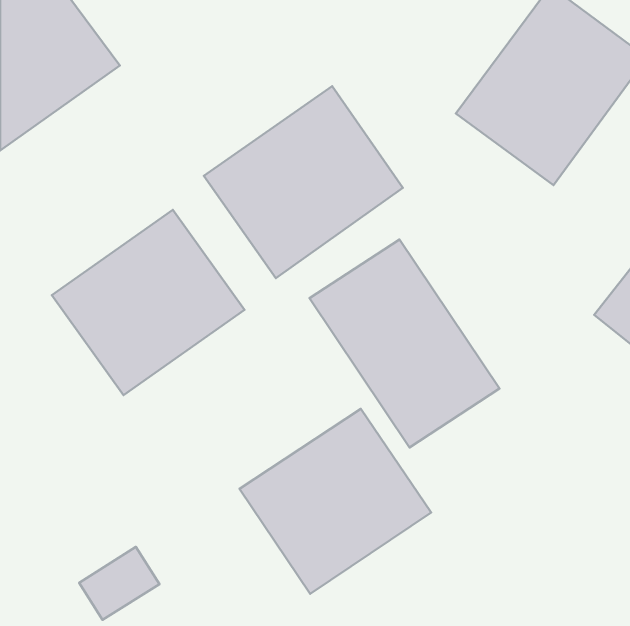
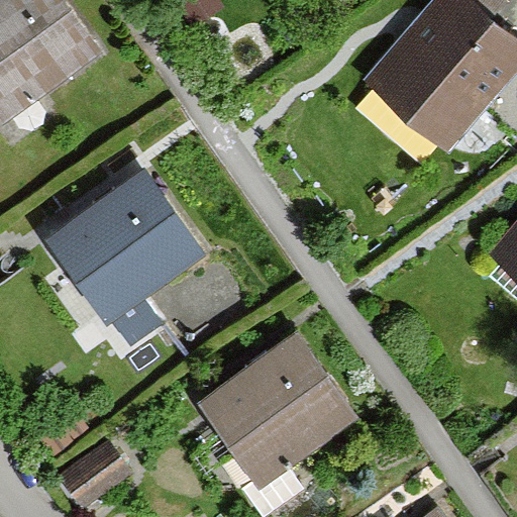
building: [204,86,403,278] -> none
building: [309,239,499,447] -> none

